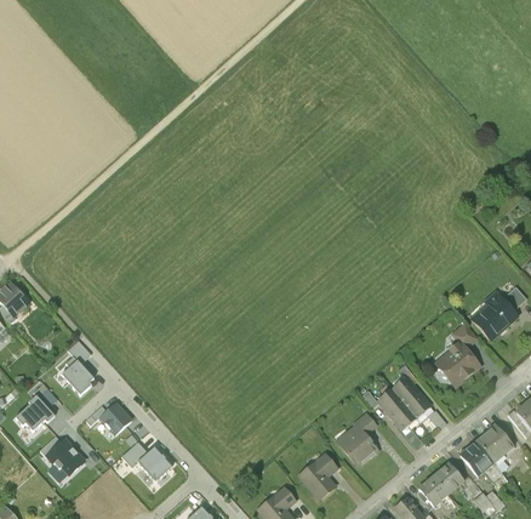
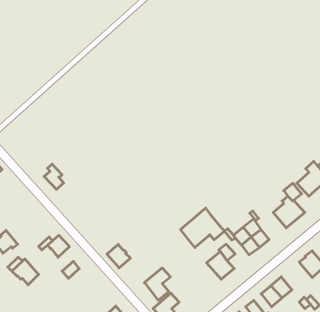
building: [62,354,91,392] -> [44,164,64,189]
building: none -> [181,208,225,248]
building: [461,440,495,475] -> none
building: [137,444,172,479] -> [107,244,130,268]
building: [299,452,338,501] -> [144,268,170,300]

